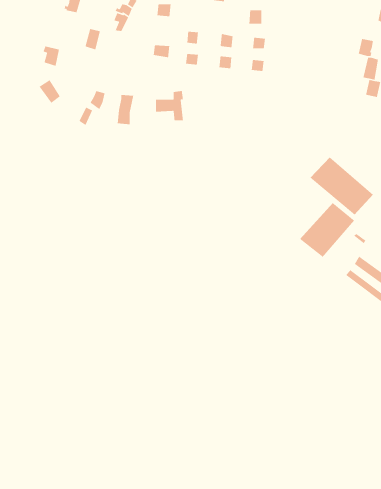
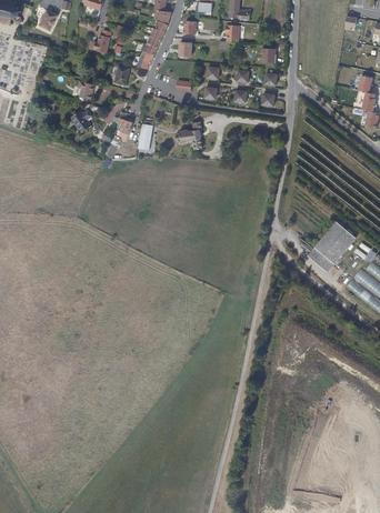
building: [309,156,374,216] -> none

